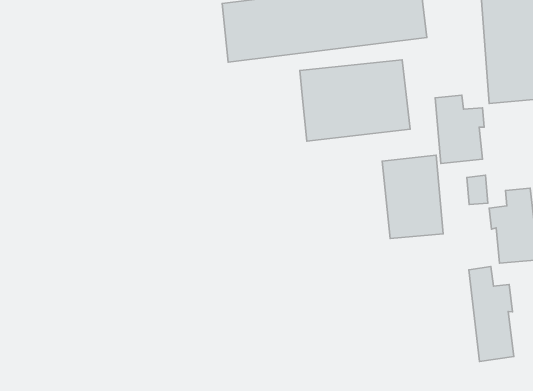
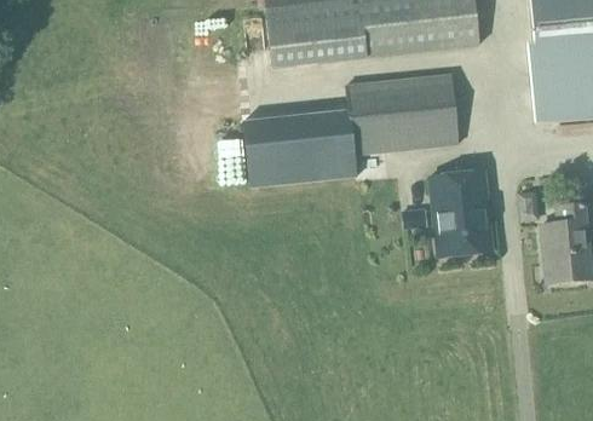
building: none -> [242,108,355,188]
building: [435,95,484,164] -> none
building: [469,267,514,362] -> none

